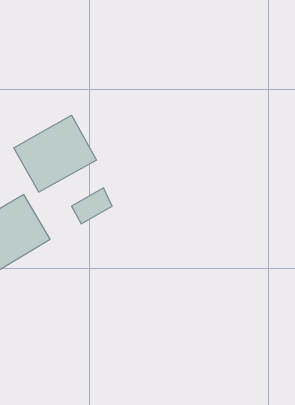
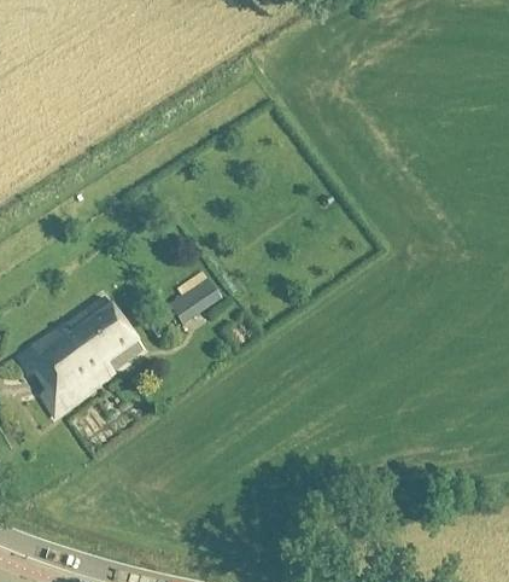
building: [14,115,96,192] -> none

